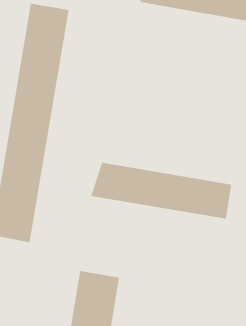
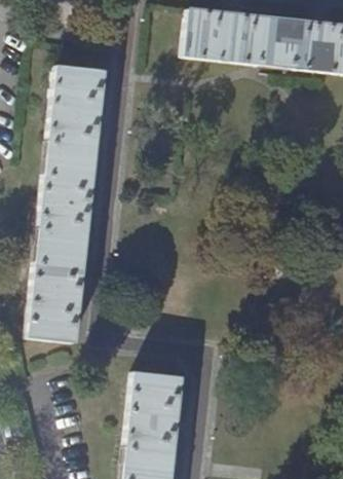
building: [90,162,232,220] -> none

